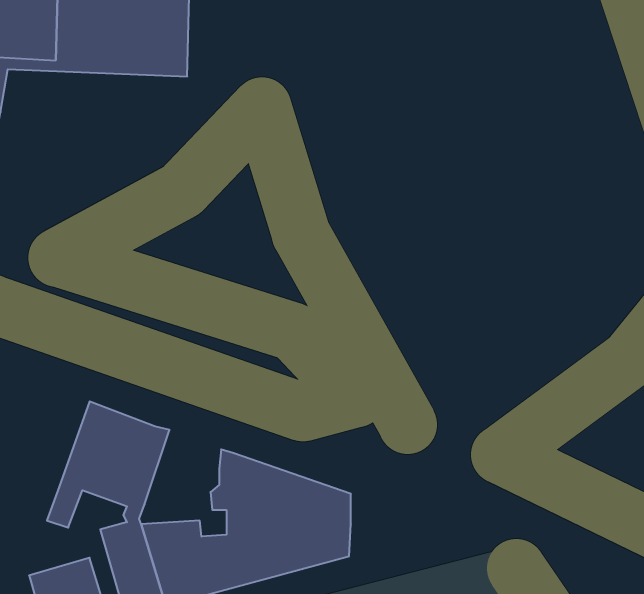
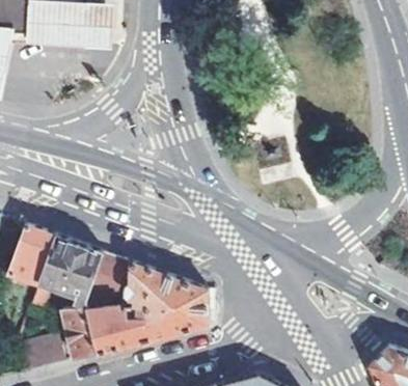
building: none -> [8,225,55,285]
building: none -> [87,252,126,304]

